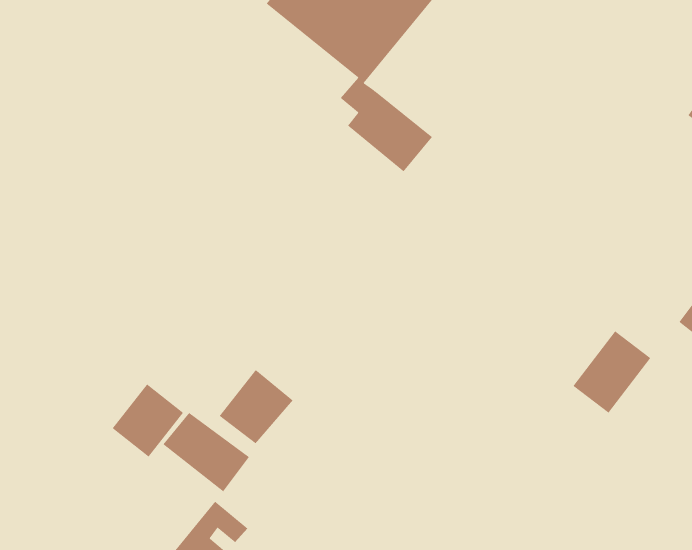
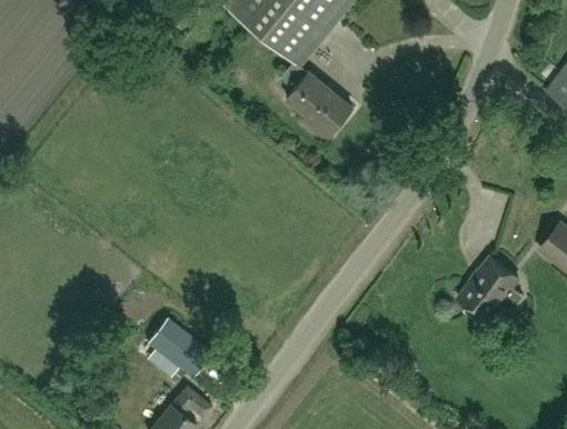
building: [219,369,294,444] -> none
building: [112,383,184,457] -> none

